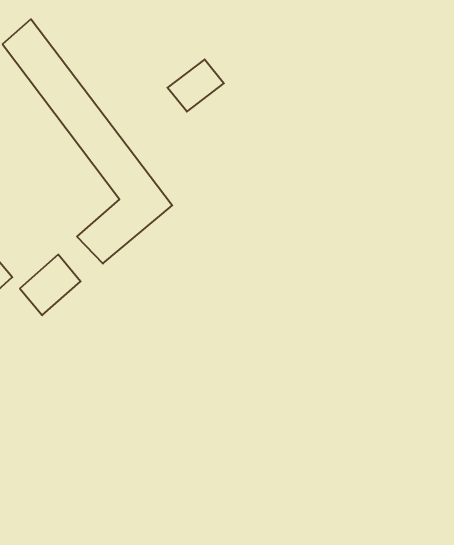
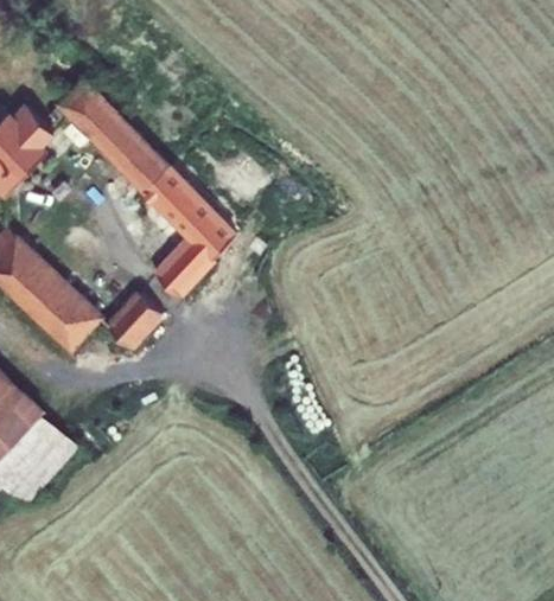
building: [167,59,224,112] -> none

